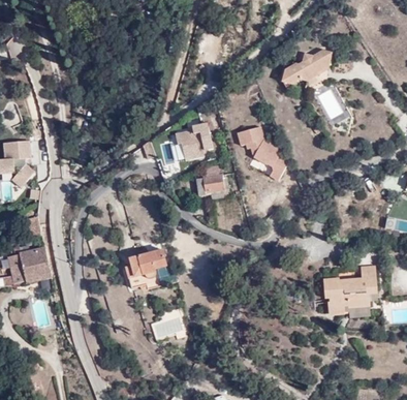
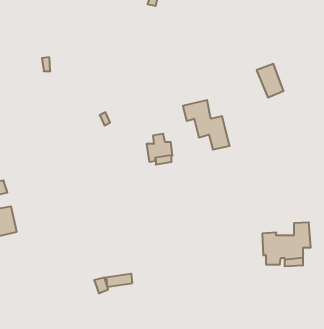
building: [278,49,334,85] -> none
building: [176,122,205,158] -> none
building: [126,250,168,287] -> none

